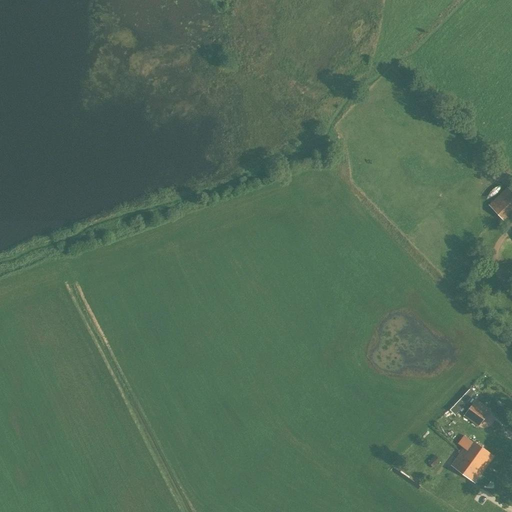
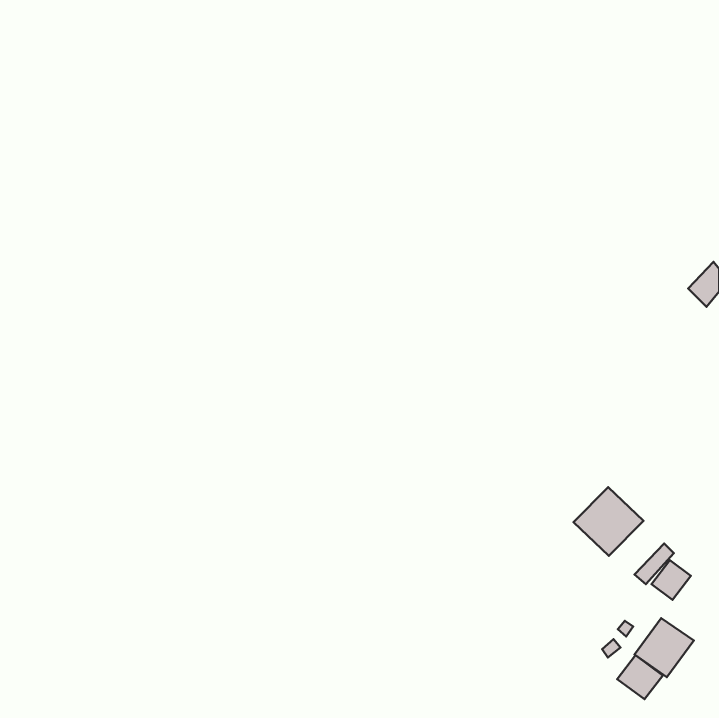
building: none -> [574,487,644,556]
building: none -> [617,655,663,699]

